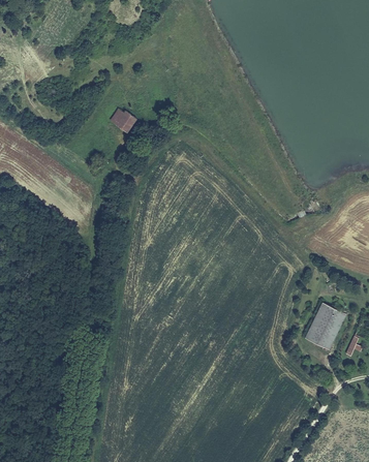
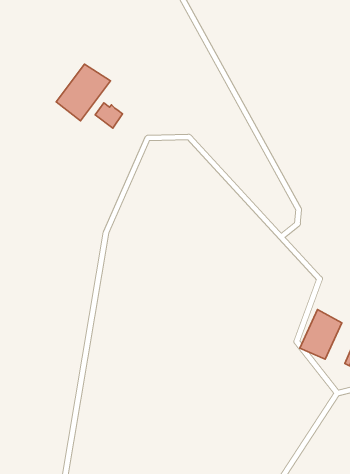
building: none -> [56,64,111,121]

